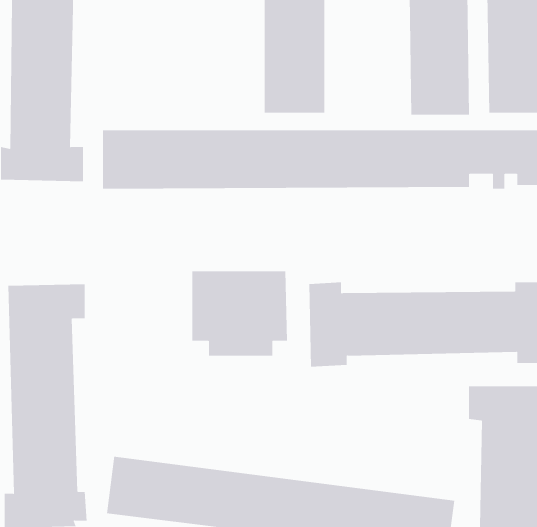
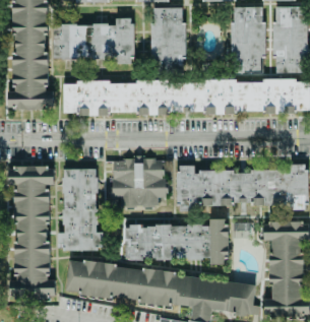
building: none -> [53,18,133,64]
building: none -> [57,169,104,251]
building: none -> [124,218,228,264]

